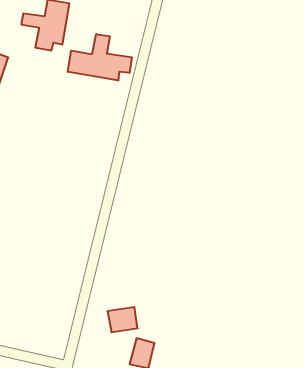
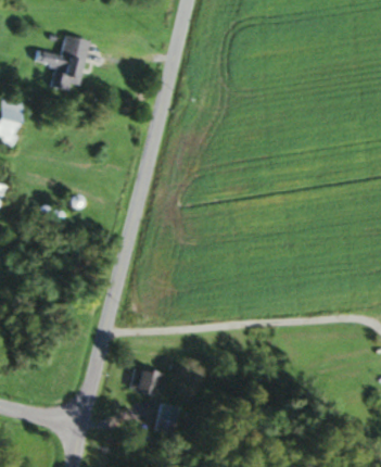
building: [68,34,132,81] -> none

